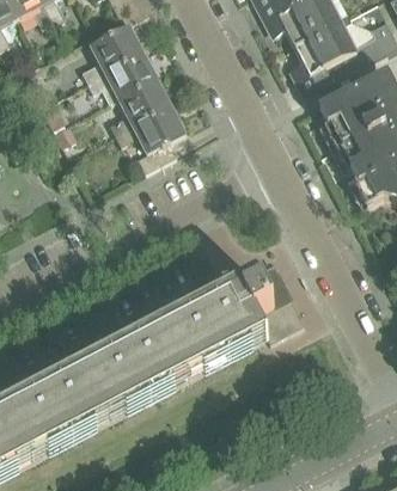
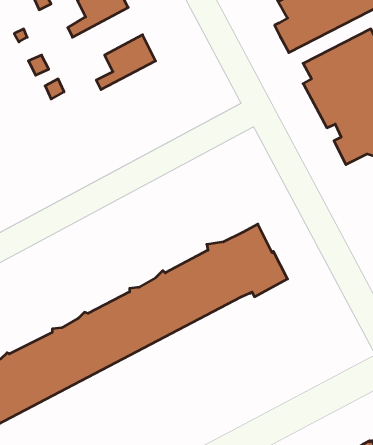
building: [85,44,155,96] -> none
building: [114,98,184,165] -> none

